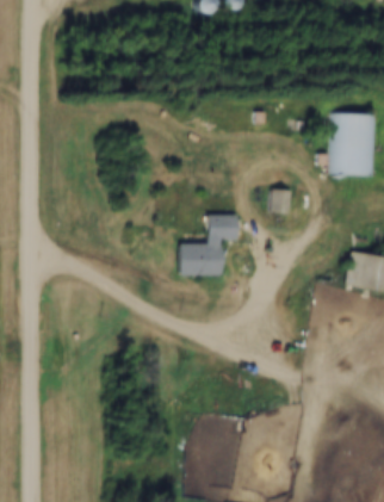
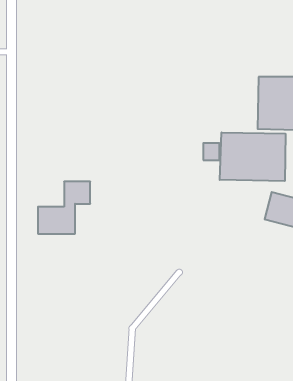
building: none -> [220,132,285,181]
building: [173,213,235,275] -> [38,182,90,234]

